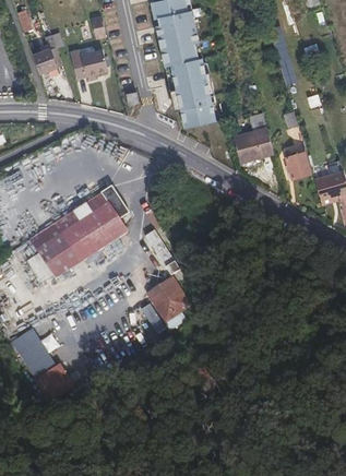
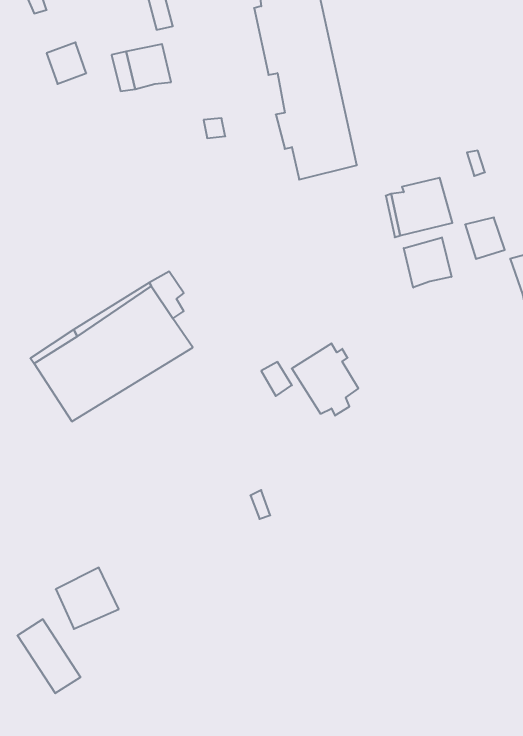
building: none -> [404,237,451,288]
building: [150,273,190,317] -> [292,343,358,416]
building: [13,330,51,374] -> [17,619,81,693]

